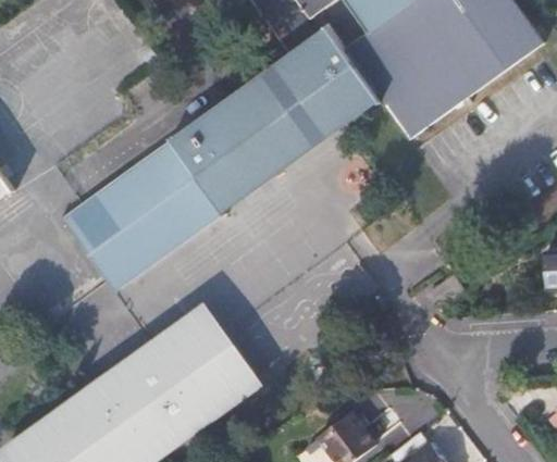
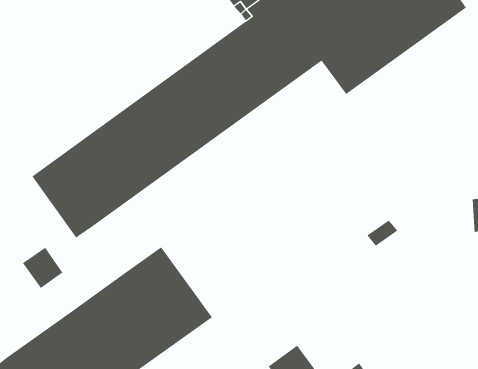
building: none -> [22,247,63,289]

